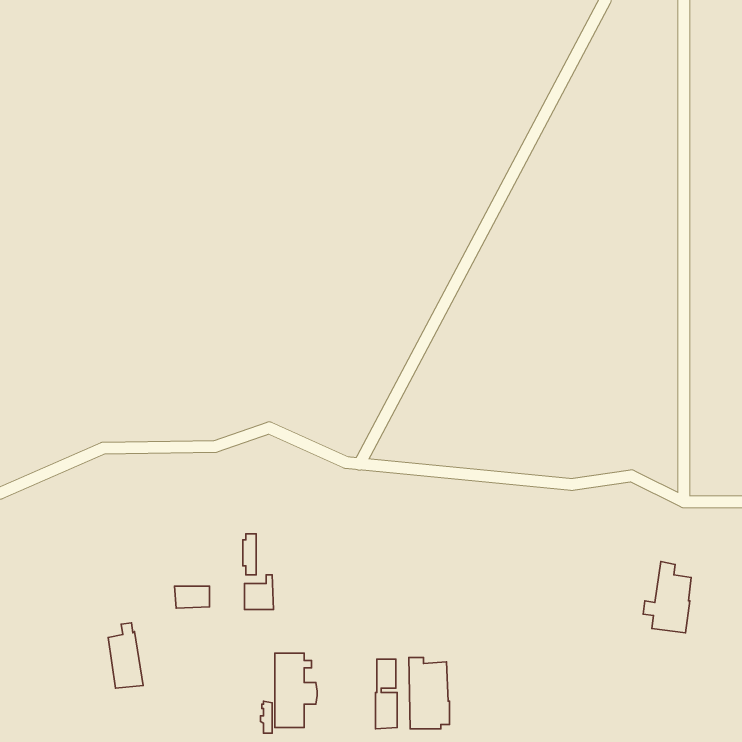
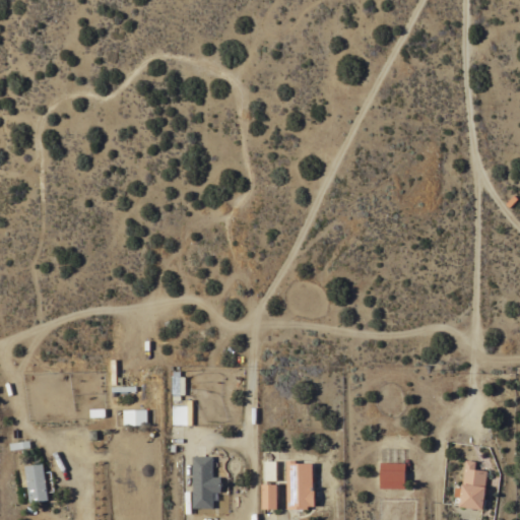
building: [643,562,691,633] -> [454,460,488,510]
building: [108,623,143,688] -> [24,457,49,503]
building: none -> [380,463,406,490]

